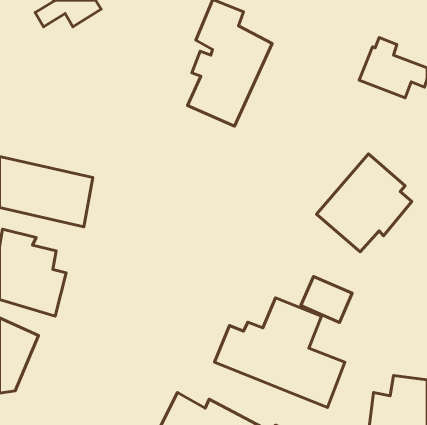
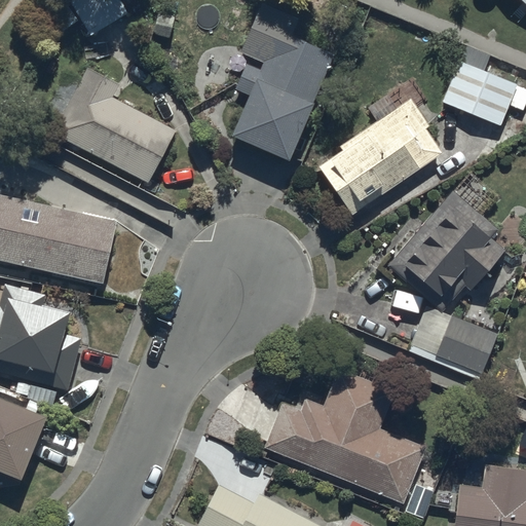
building: none -> [51,66,174,185]
building: none -> [322,99,440,211]
building: [301,276,352,322] -> [434,316,496,373]

